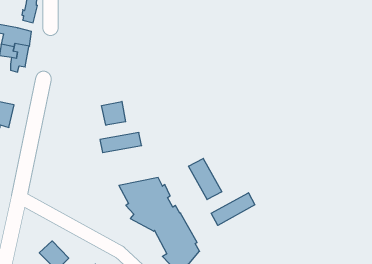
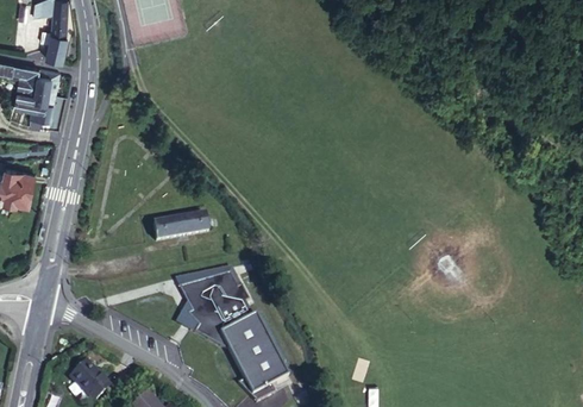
building: [102,101,126,125] -> none
building: [189,158,222,200] -> none
building: [211,193,255,225] -> none

